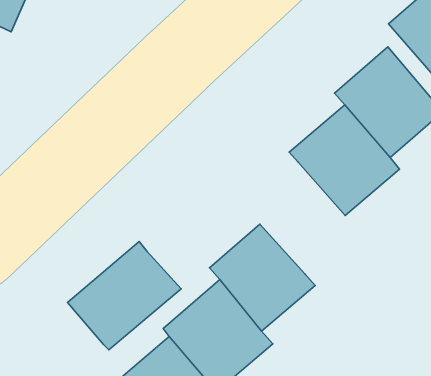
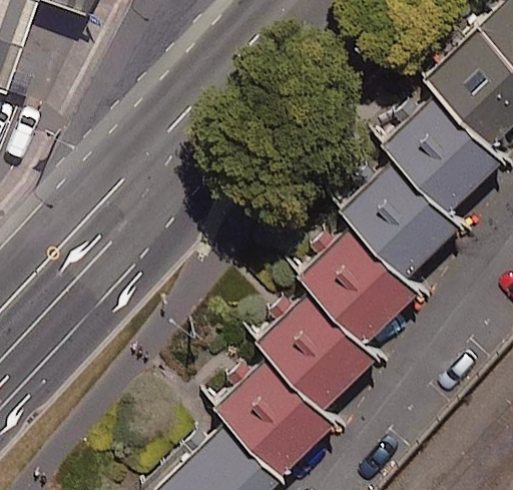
building: none -> [295,223,417,345]
building: [68,242,181,350] -> none

